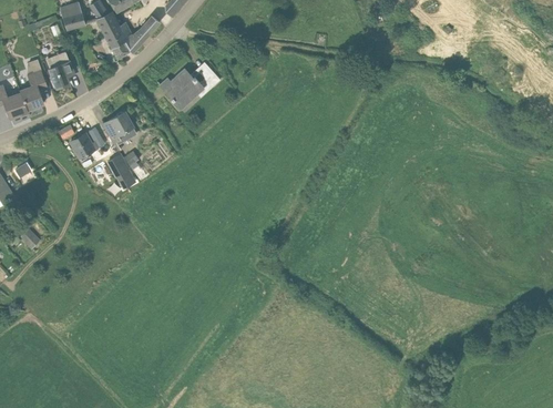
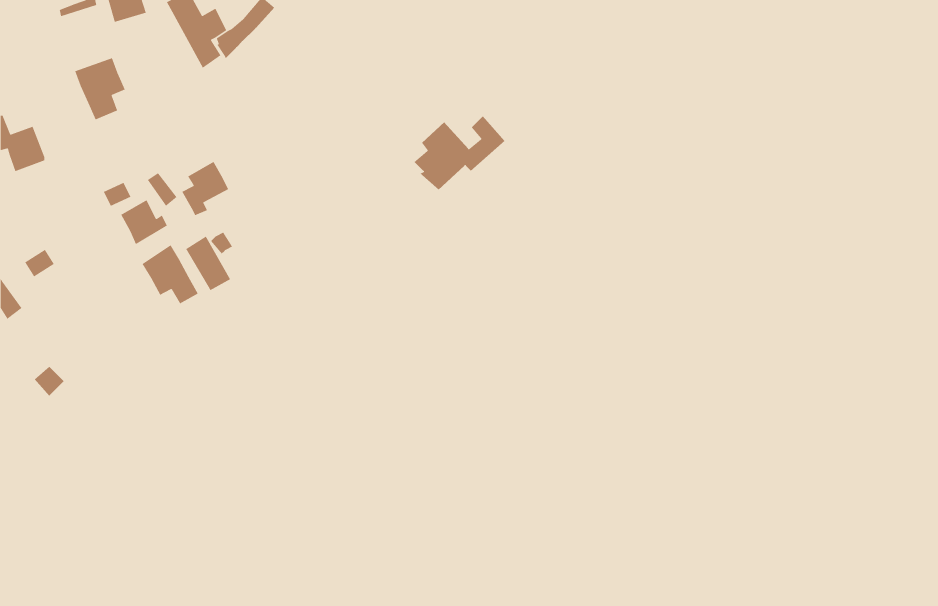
building: [166,62,219,109] -> [413,110,505,191]
building: [19,68,45,109] -> none
building: none -> [142,244,199,305]

